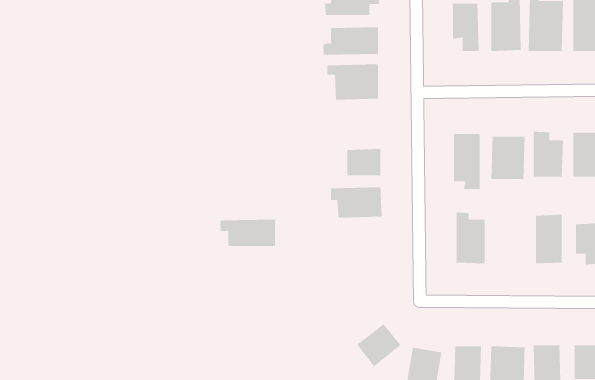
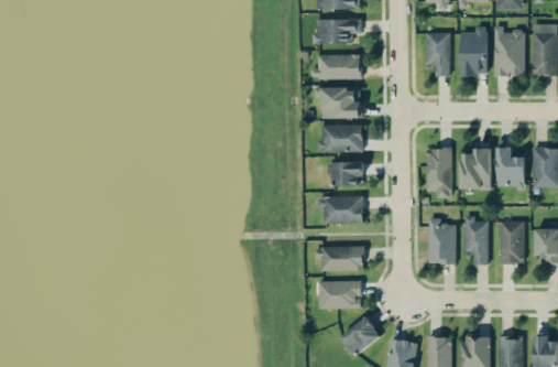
building: none -> [317,123,362,152]
building: none -> [464,215,489,263]
building: [220,219,276,246] -> [315,246,364,270]
building: none -> [318,280,361,307]

